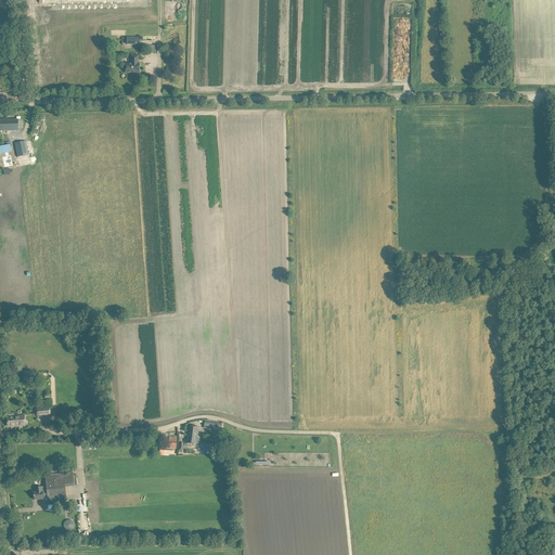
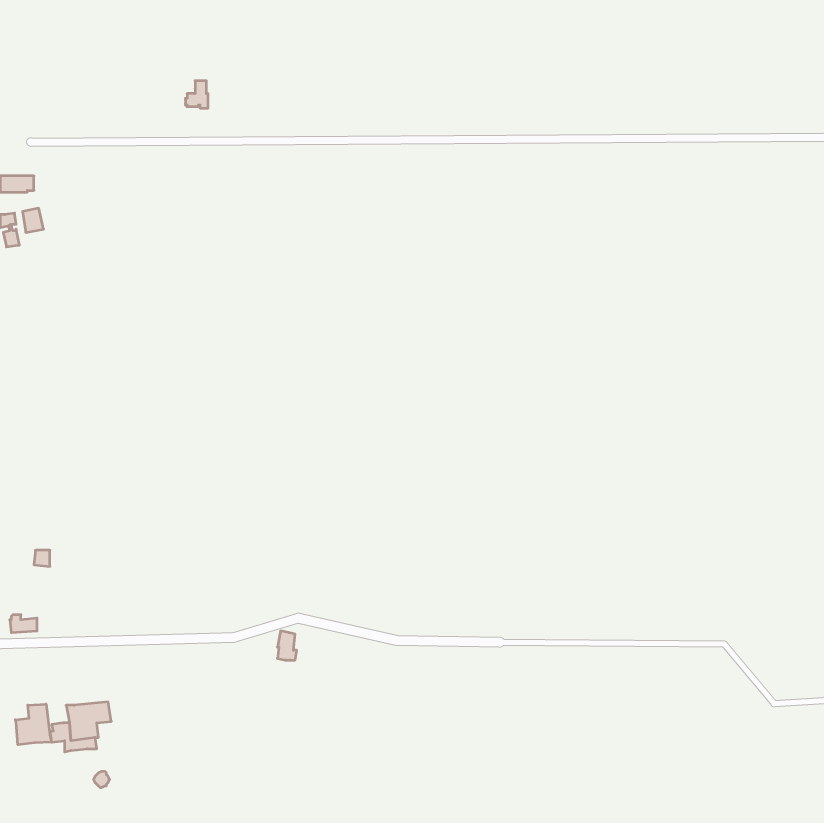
building: none -> [15,704,52,745]

